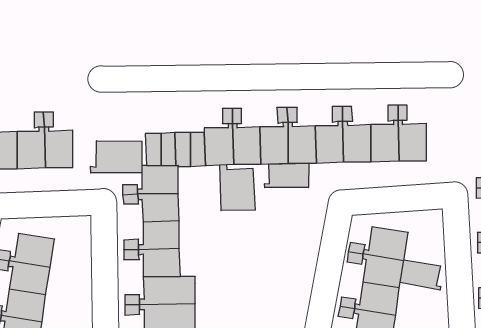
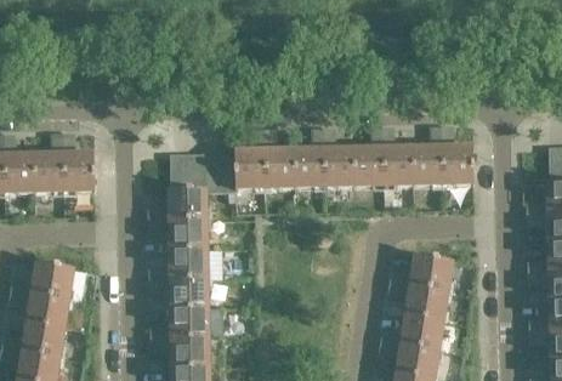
building: [91,141,142,173] -> none
building: [265,163,309,188] -> none
building: [220,165,255,211] -> none
building: [400,260,441,290] -> none

